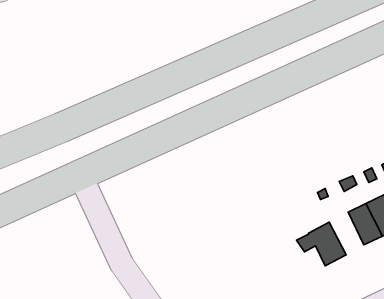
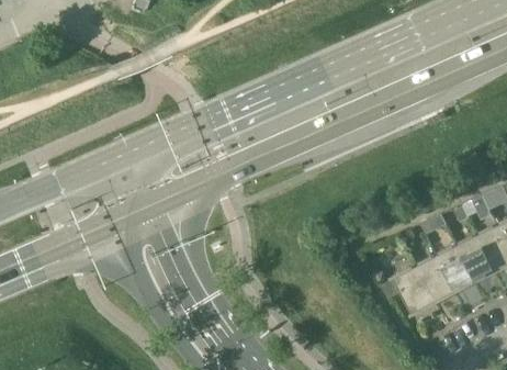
building: none -> [417,254,455,301]

